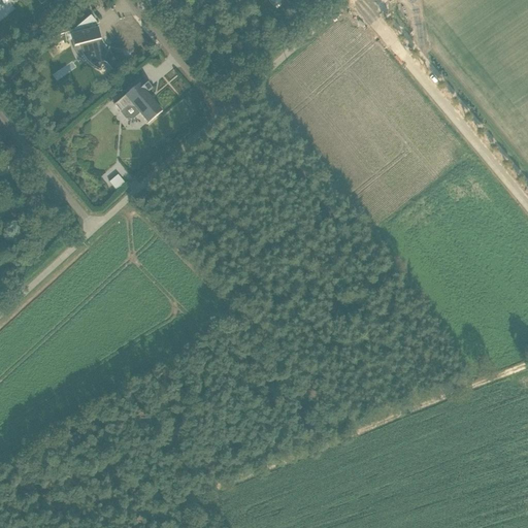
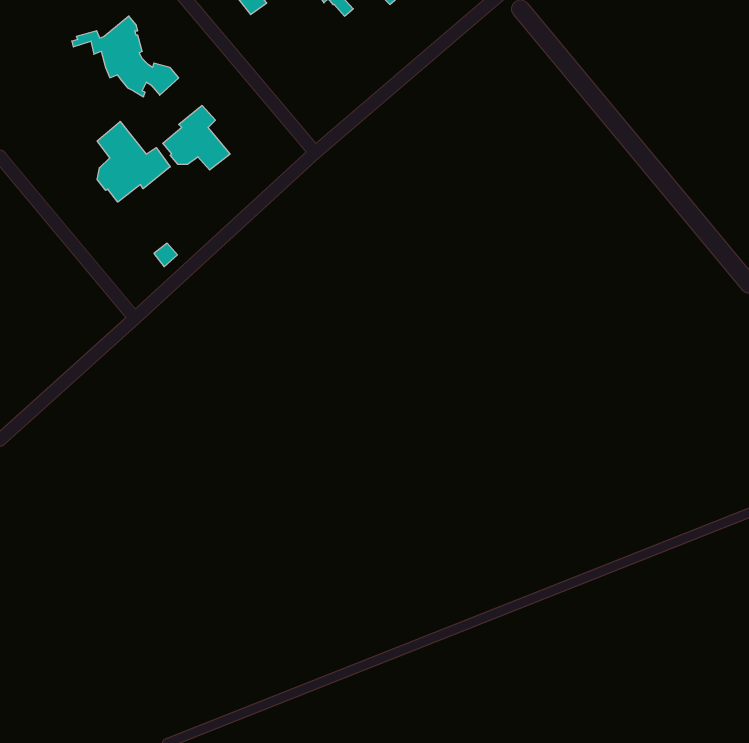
building: none -> [97,121,170,202]

